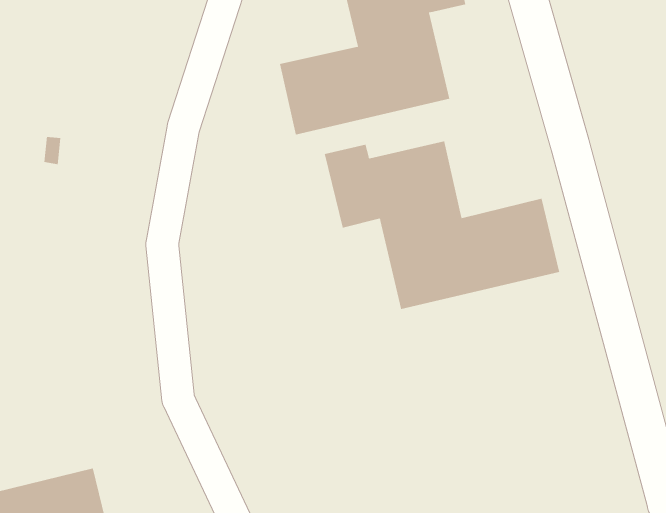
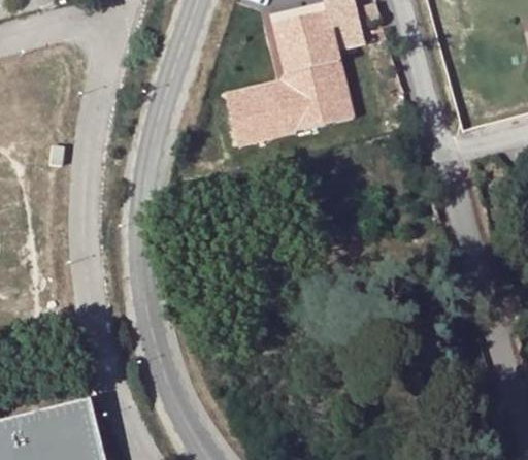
building: [324,141,560,310] -> none

